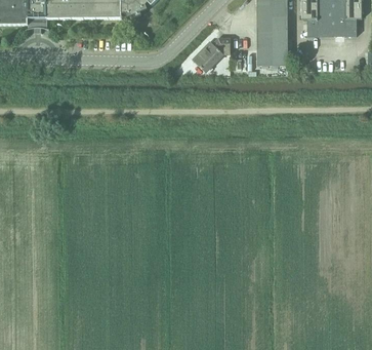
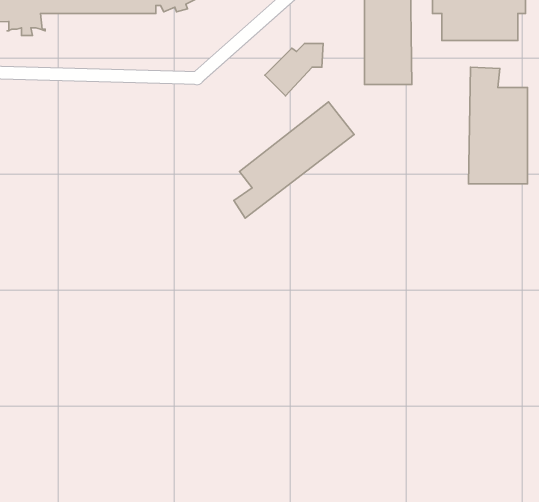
building: none -> [468,67,527,184]
building: none -> [234,102,354,218]

